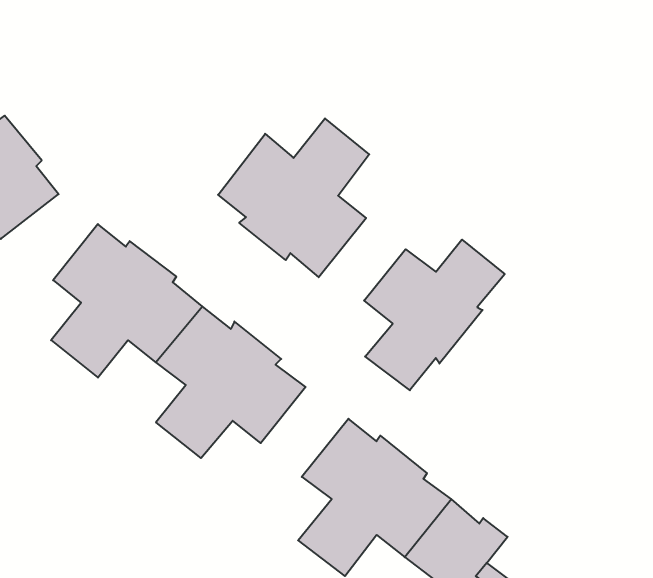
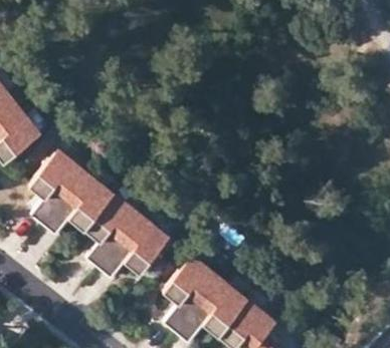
building: [218,118,369,277] -> none
building: [364,240,505,390] -> none

